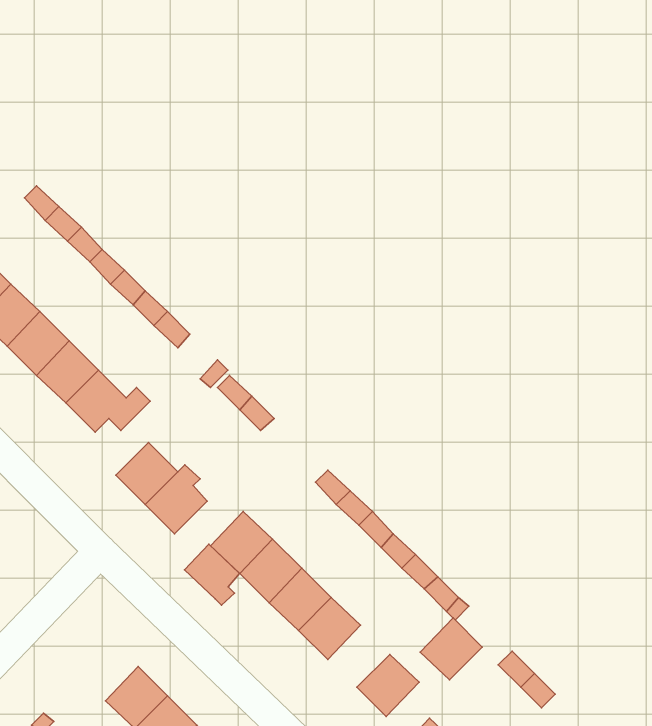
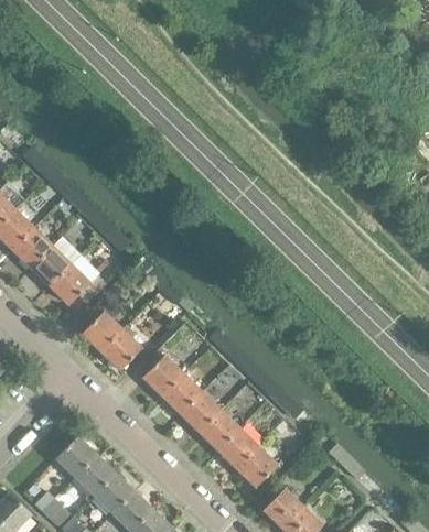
building: [185,544,239,605] -> none
building: [420,618,482,680] -> [217,428,257,468]
building: none -> [56,437,96,477]

